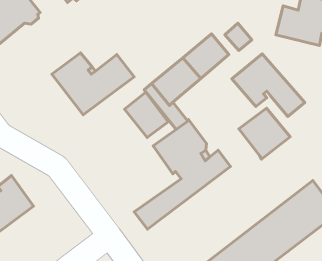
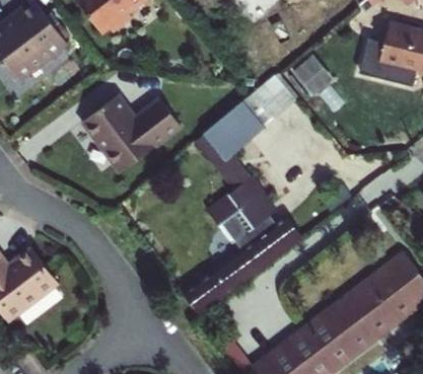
building: [232,54,305,116] -> none
building: [124,92,168,138] -> none
building: [239,108,290,159] -> none

